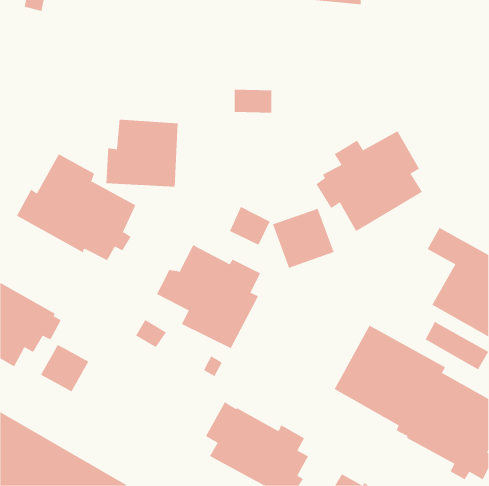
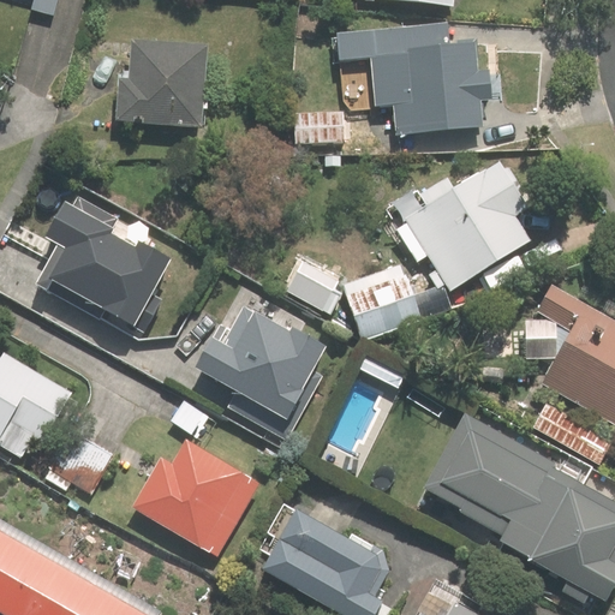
building: none -> [336,24,497,135]
building: [106,119,178,187] -> [114,42,205,127]
building: none -> [131,441,262,557]

